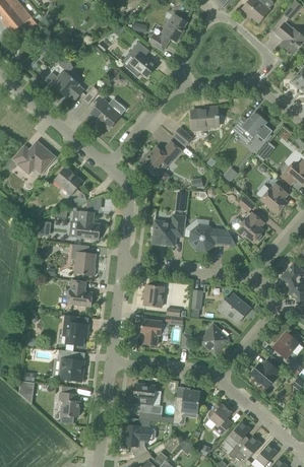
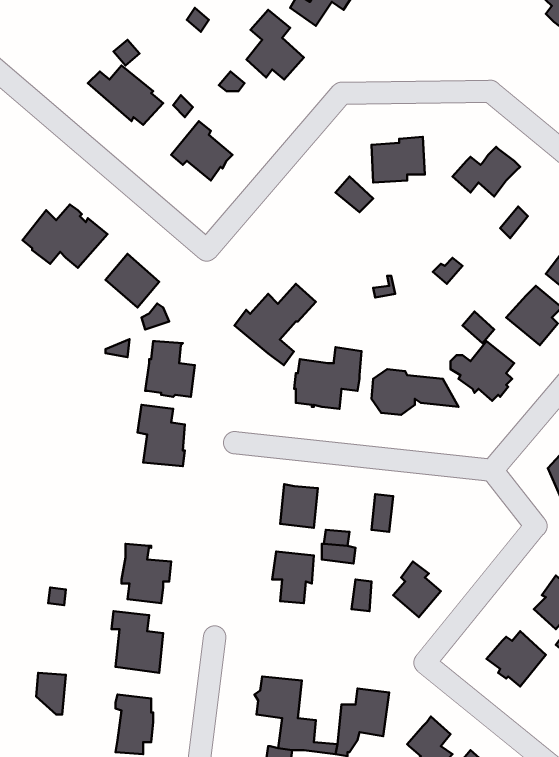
building: [139,141,181,183] -> [234,284,316,365]
building: [68,279,93,307] -> none
building: [218,293,250,323] -> none

